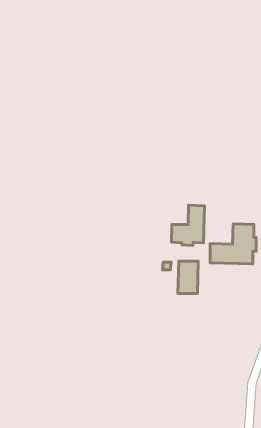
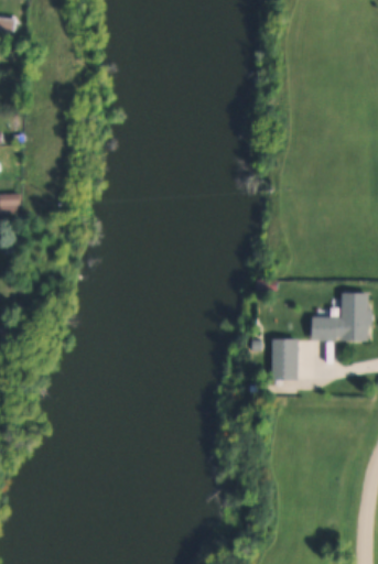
building: [172,205,204,245] -> none

